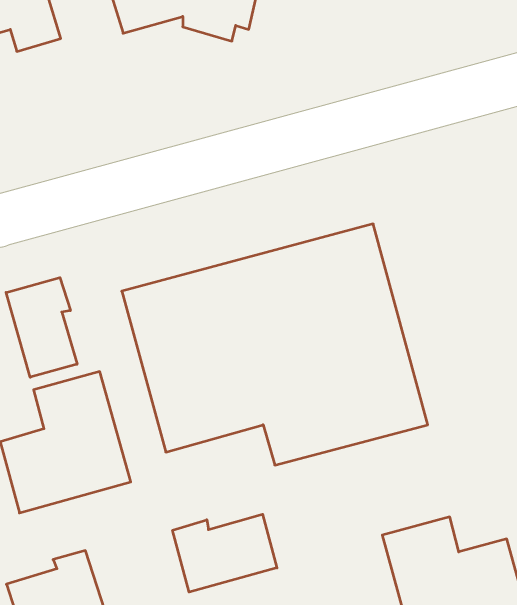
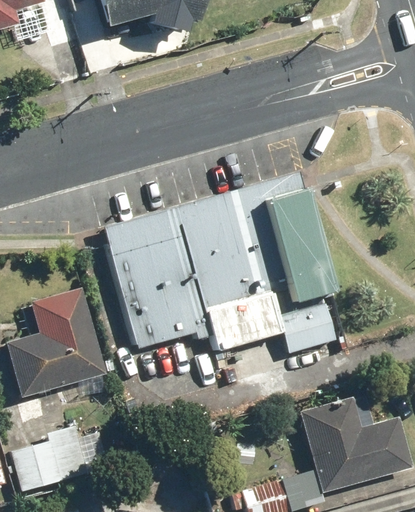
building: [6,278,77,377] -> none
building: [173,514,277,592] -> none

